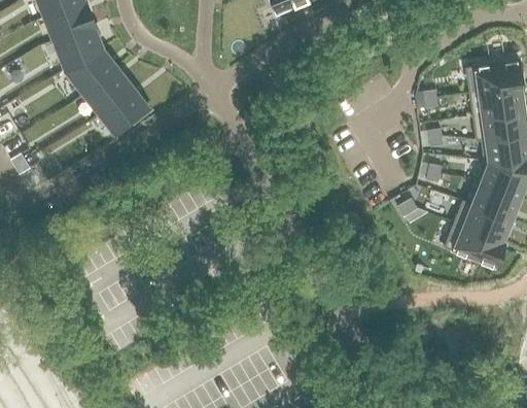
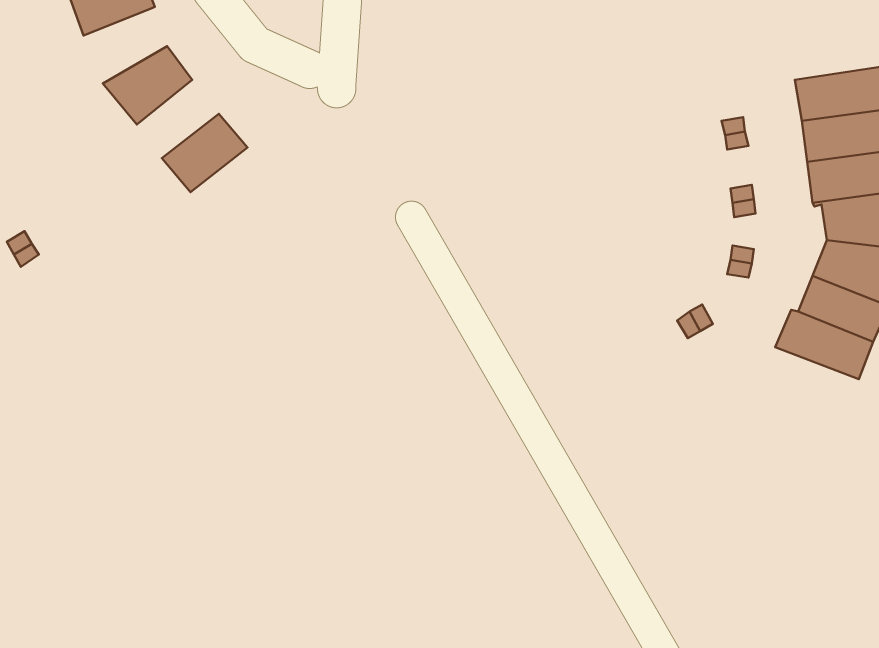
building: [55,27,103,70] -> none
building: [85,68,133,113] -> none
building: [444,223,504,268] -> none

